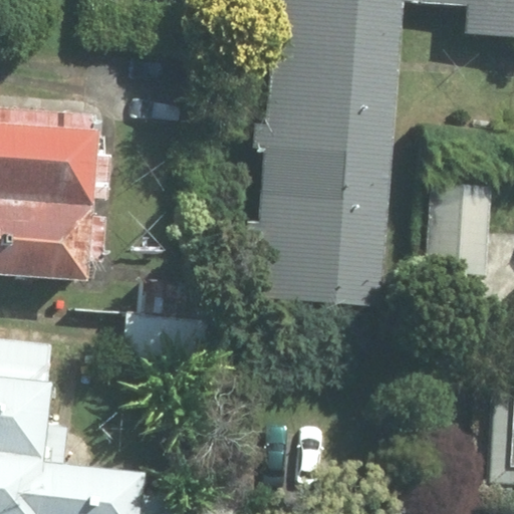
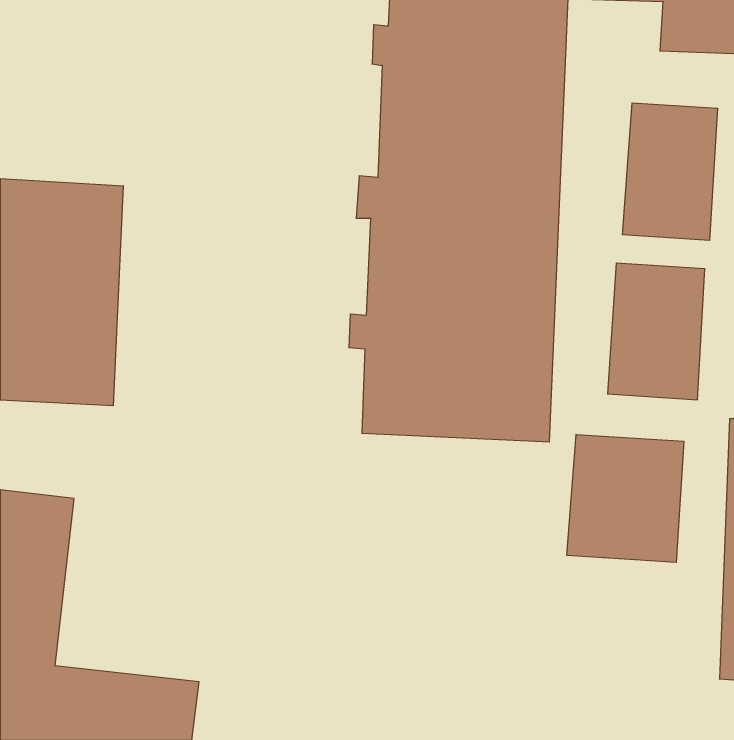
building: none -> [623,103,718,240]
building: none -> [567,434,684,562]

